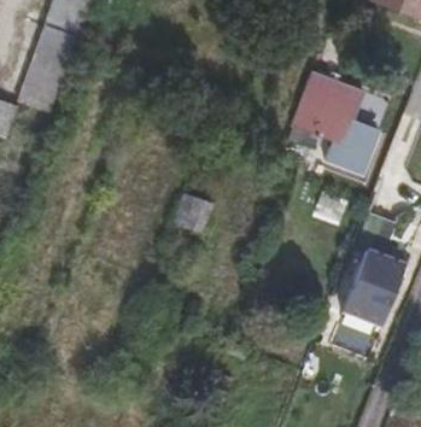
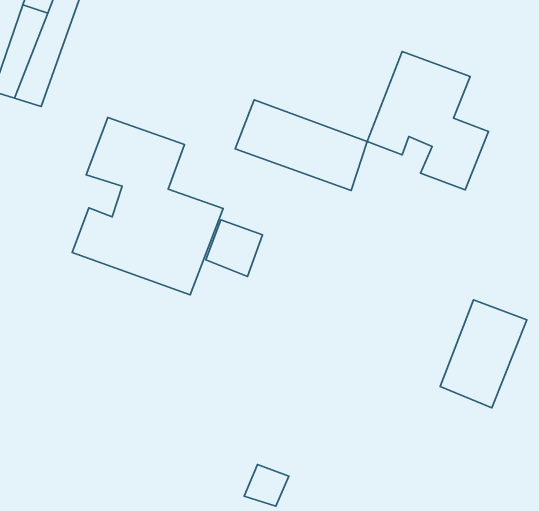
building: none -> [235,100,367,190]
building: none -> [72,118,223,295]

